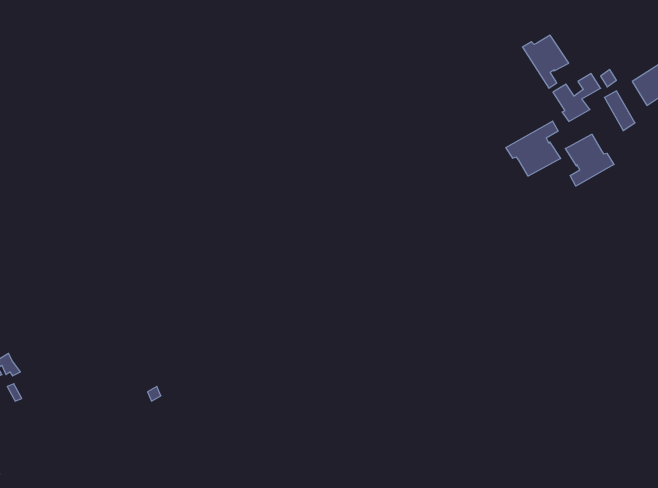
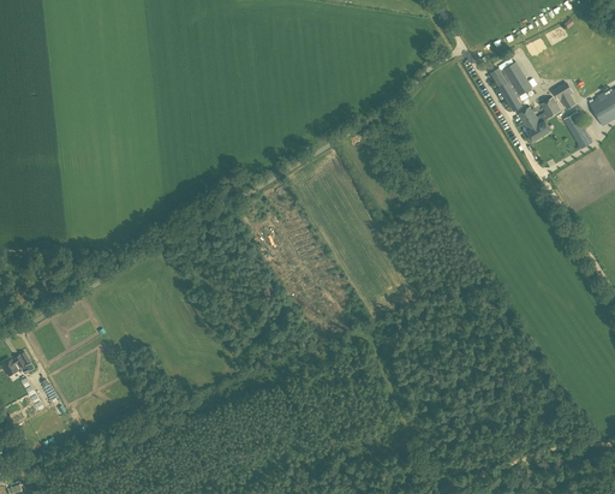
building: [506,121,561,176] -> none
building: [565,134,614,186] -> none

